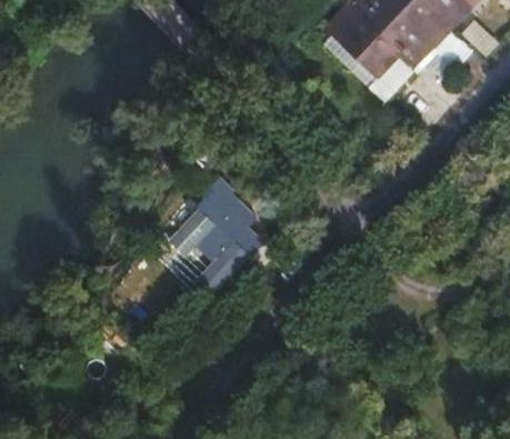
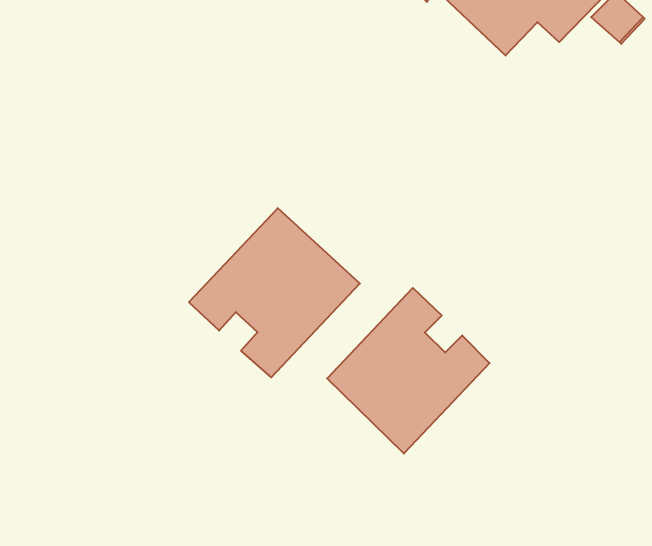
building: none -> [327,288,490,454]

